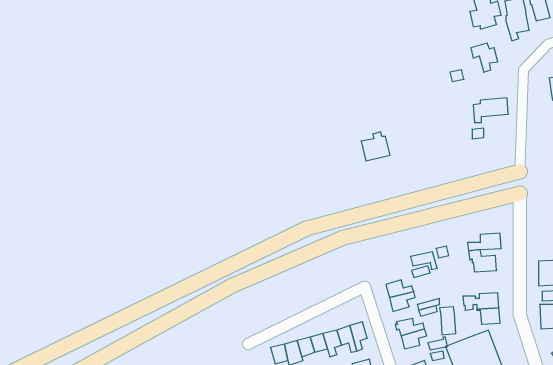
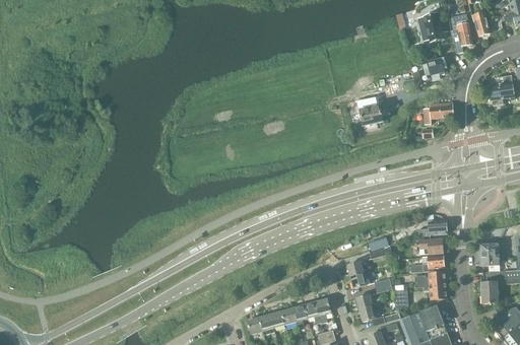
building: [361,132,390,161] -> [359,100,384,126]
building: none -> [411,255,445,272]

